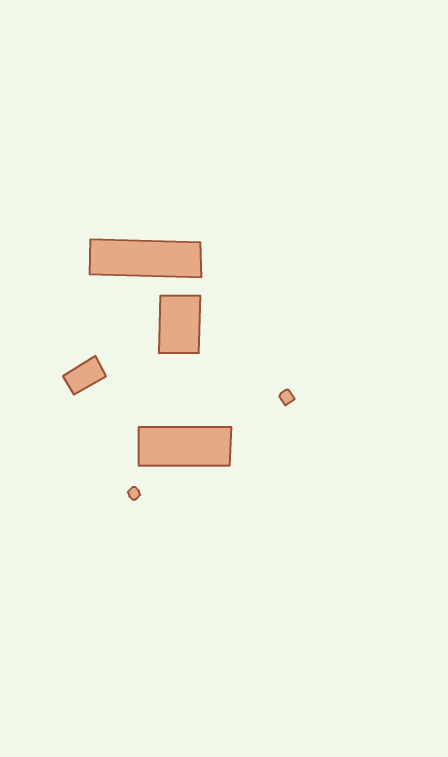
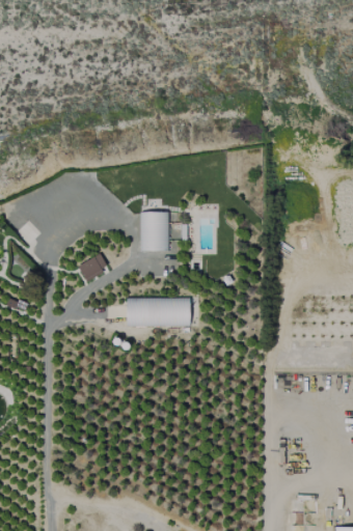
building: [90,239,201,277] -> none

